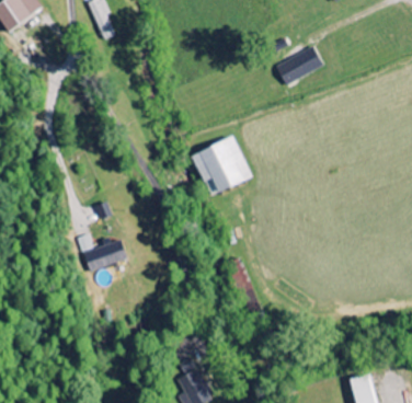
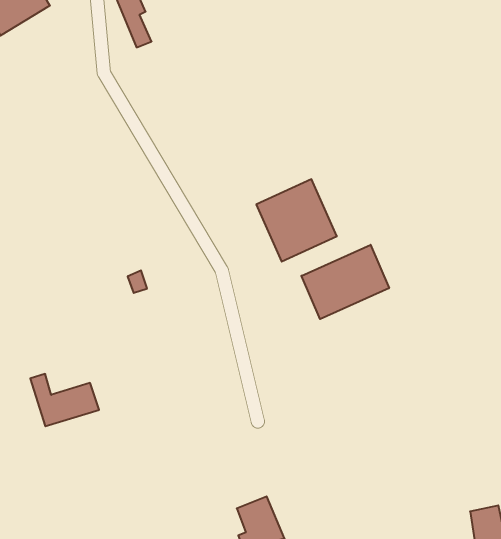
building: [276,45,324,88] -> none
building: none -> [301,245,389,319]
building: [79,233,129,272] -> [30,374,99,426]

